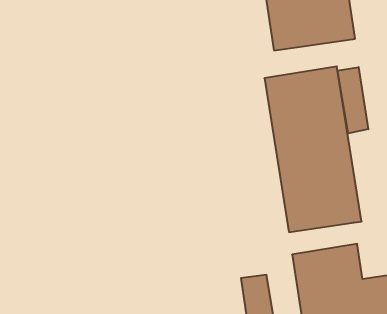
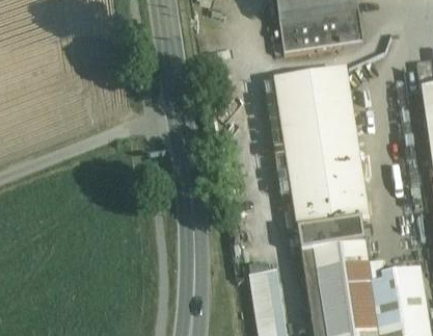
building: [338,67,368,133] -> none
building: none -> [299,227,366,258]

